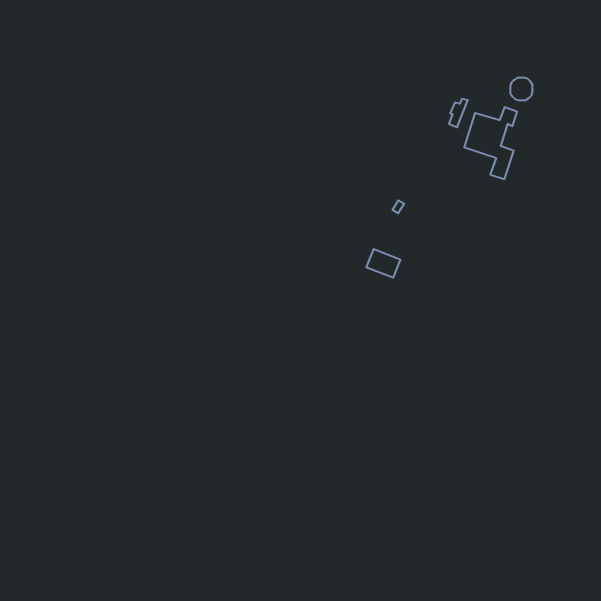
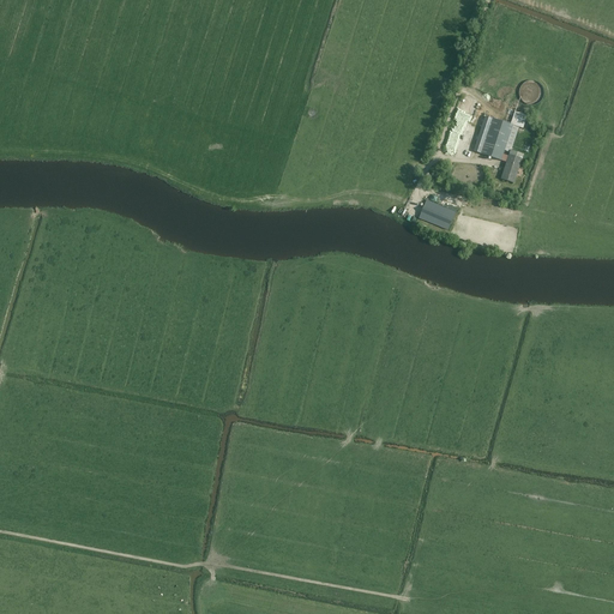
building: [366,249,401,278] -> [419,199,453,228]

